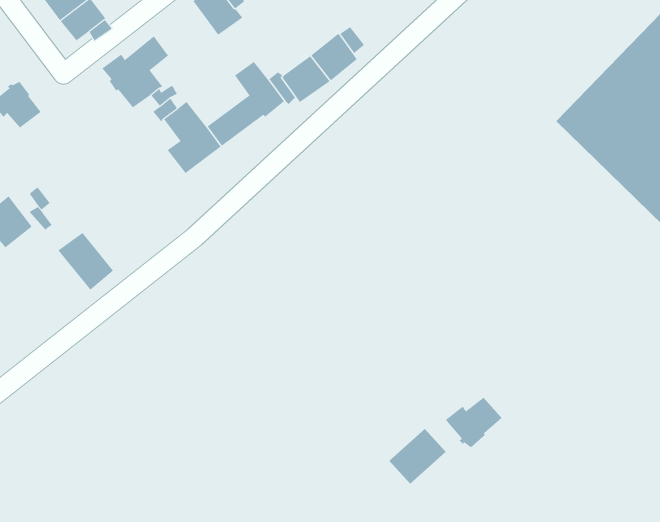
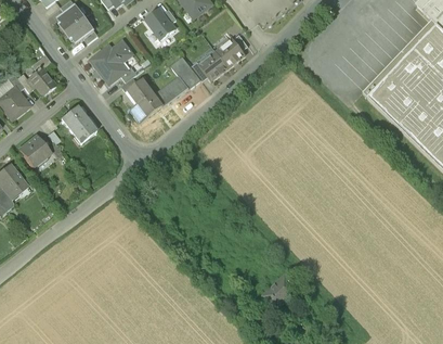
building: [57,232,114,290] -> [62,106,95,141]
building: [445,397,503,448] -> none

